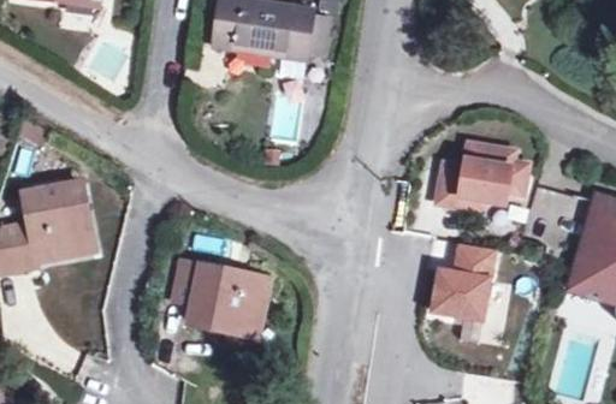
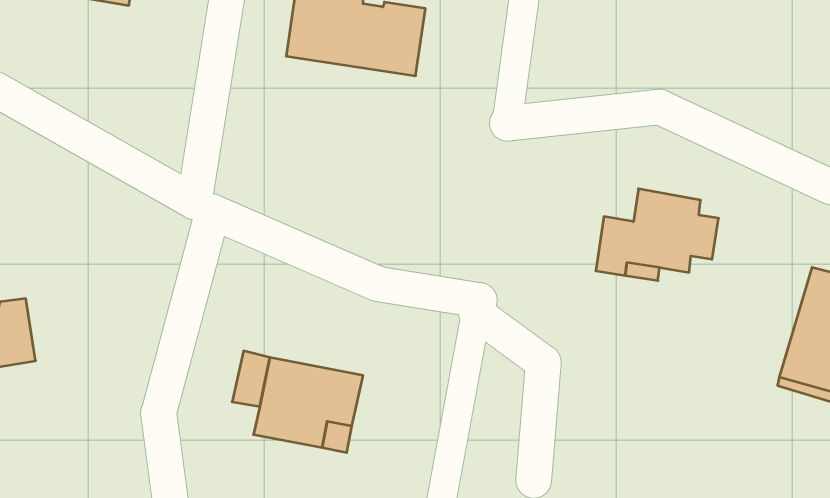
building: [23,182,91,260] -> none
building: [433,245,494,319] -> none

